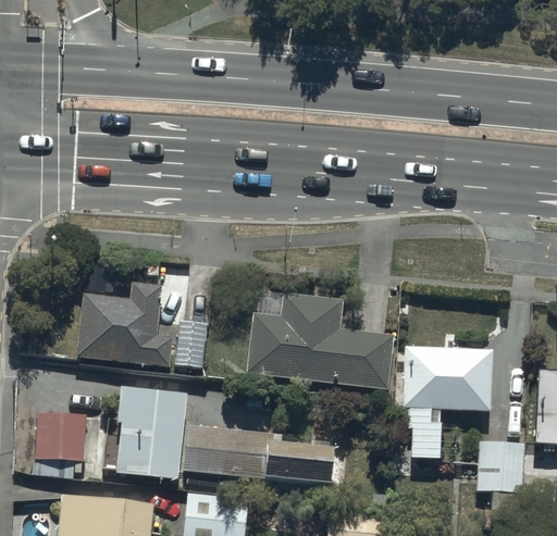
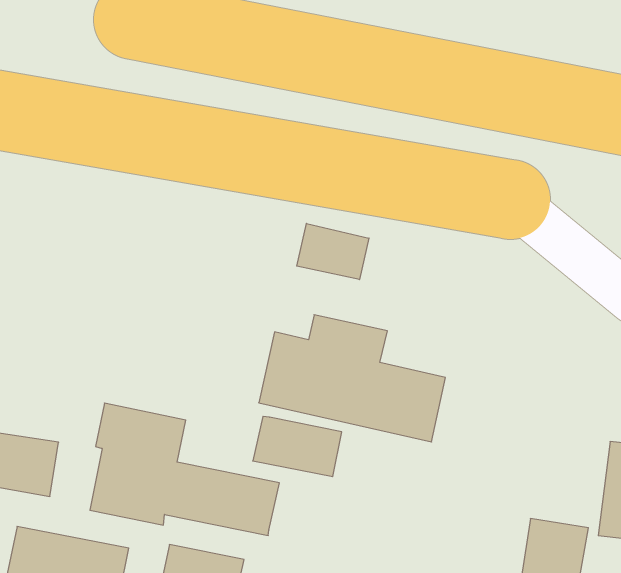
building: none -> [297,223,369,280]
building: [77,281,206,365] -> none
building: [403,345,493,457] -> none
building: [267,447,336,489] -> [253,416,342,477]

